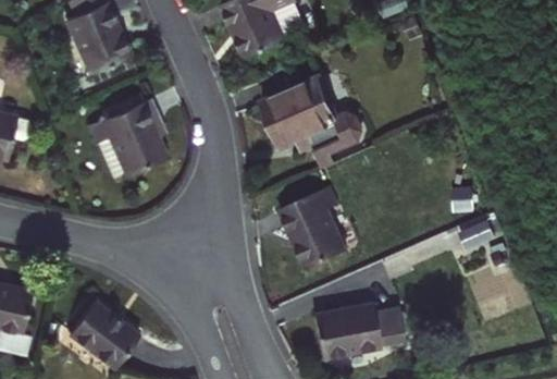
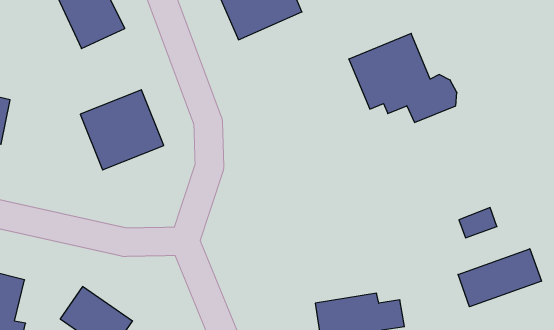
building: [258,72,363,159] -> [349,33,457,122]
building: [281,193,341,262] -> none
building: none -> [458,249,541,307]

